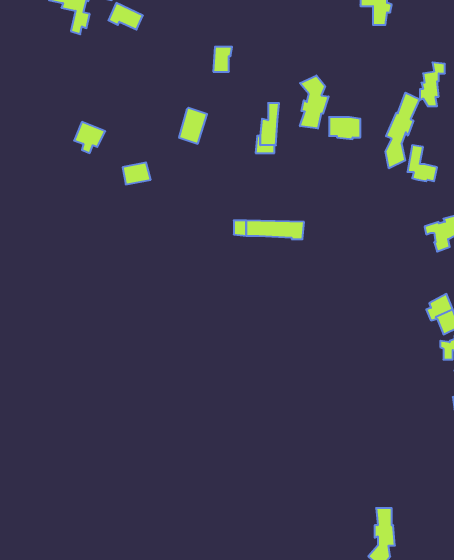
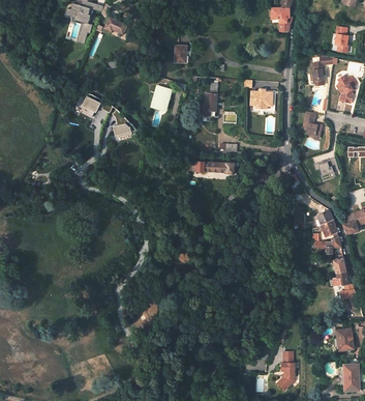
building: [300,75,329,129] -> none
building: [385,93,420,168] -> none

